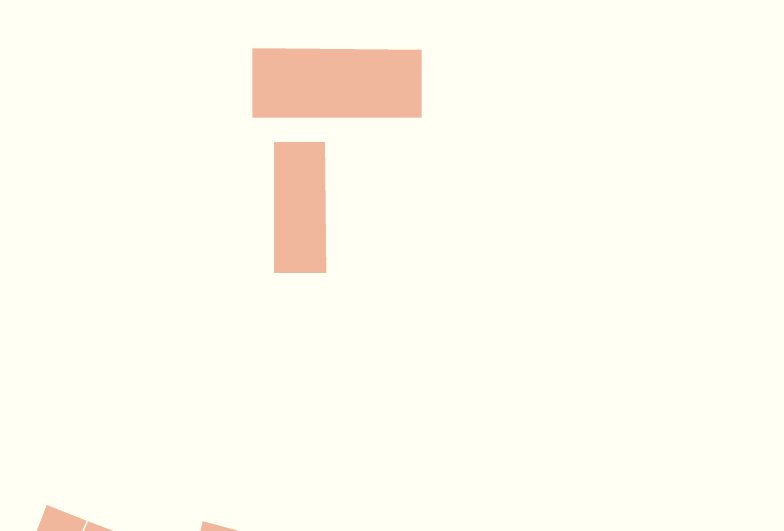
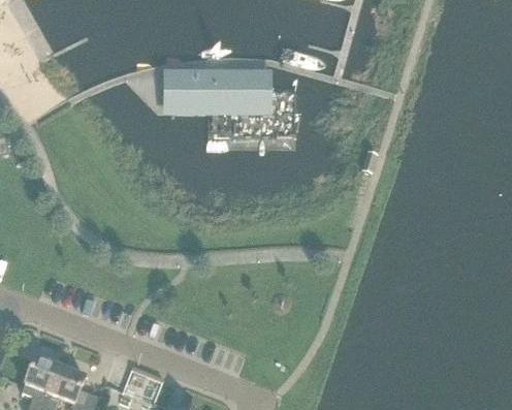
building: [273,141,327,274] -> none

